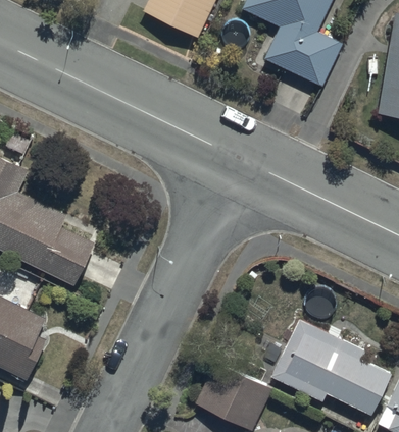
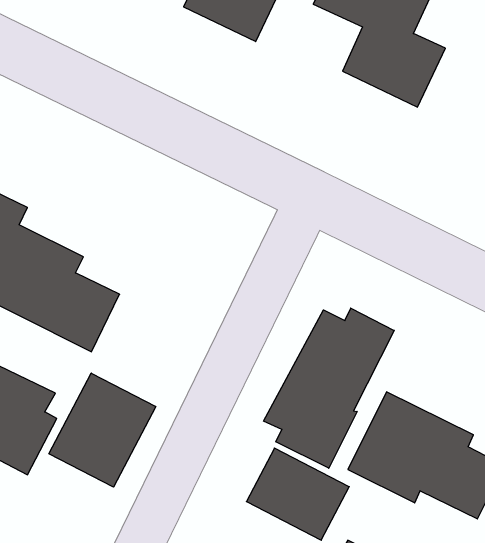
building: none -> [264,308,394,468]
building: none -> [49,373,156,487]

